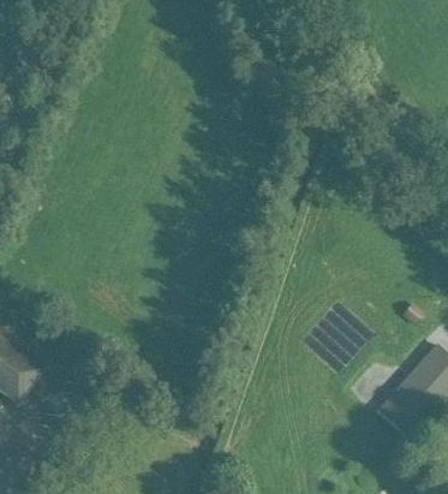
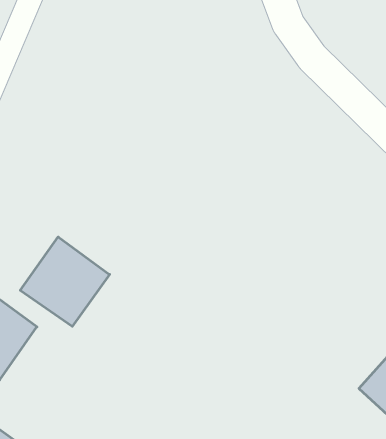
building: none -> [20,237,110,326]

